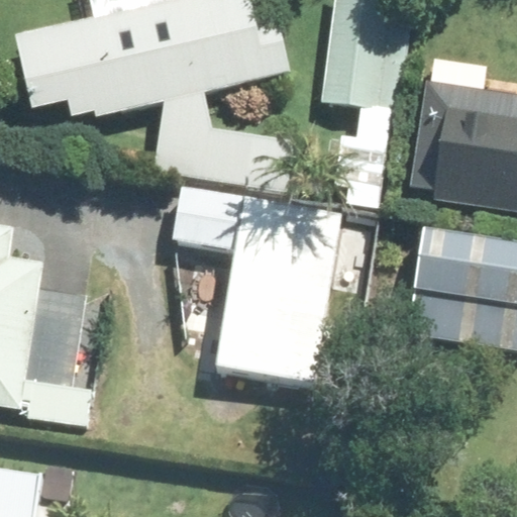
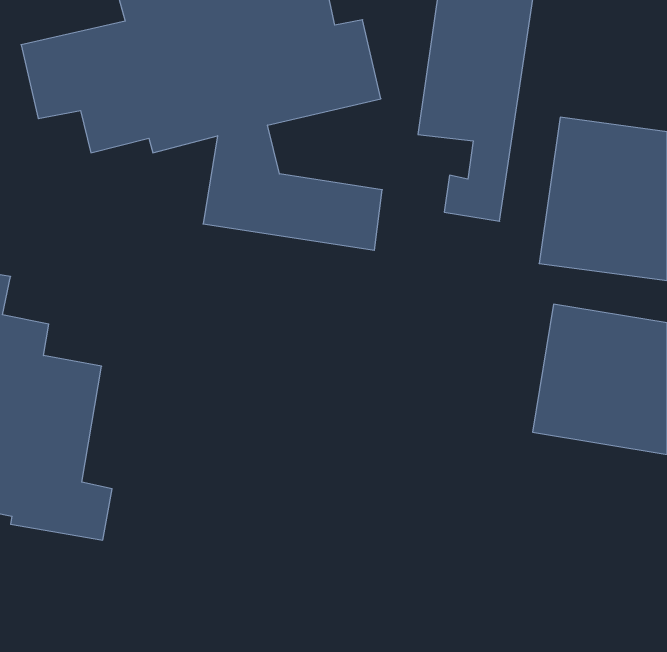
building: [206,198,336,390] -> none

